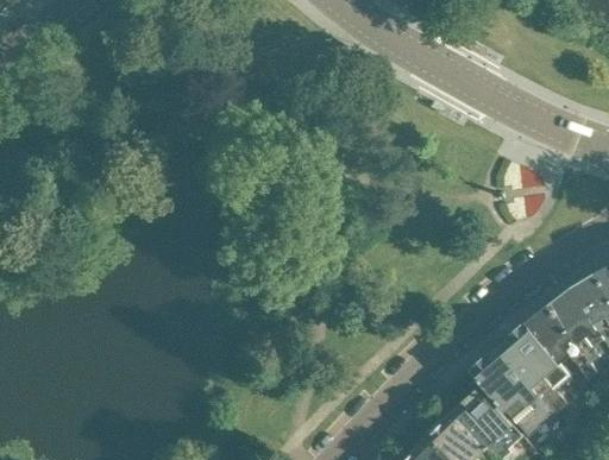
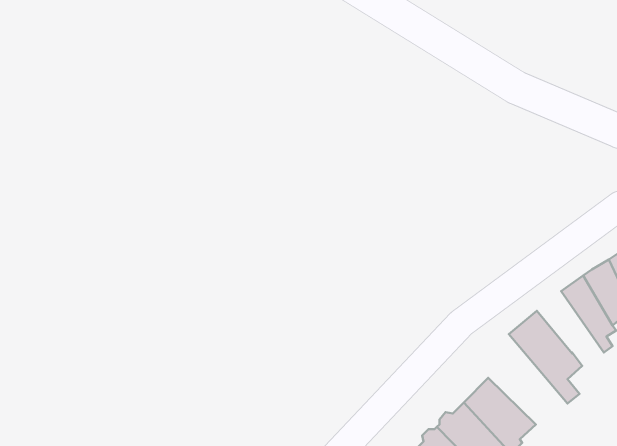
building: [527,303,598,378] -> none
building: [472,345,557,435] -> none

